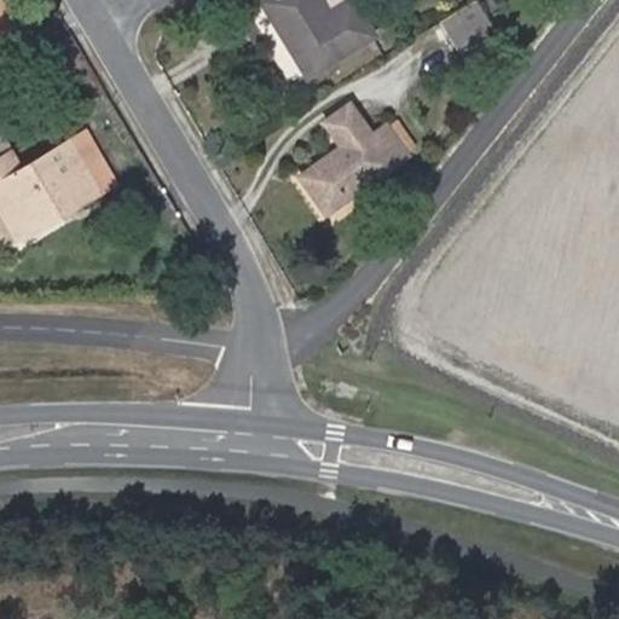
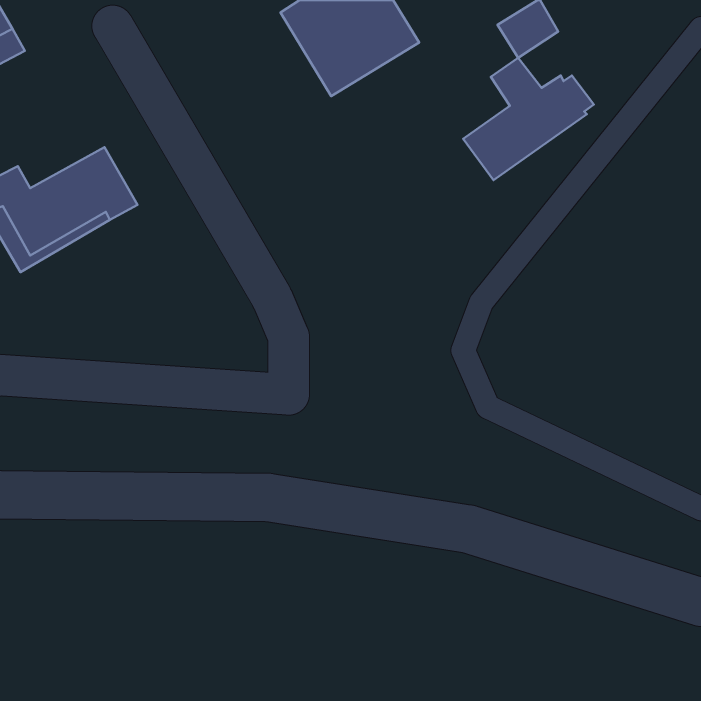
building: [299,106,413,214] -> [463,58,594,180]

